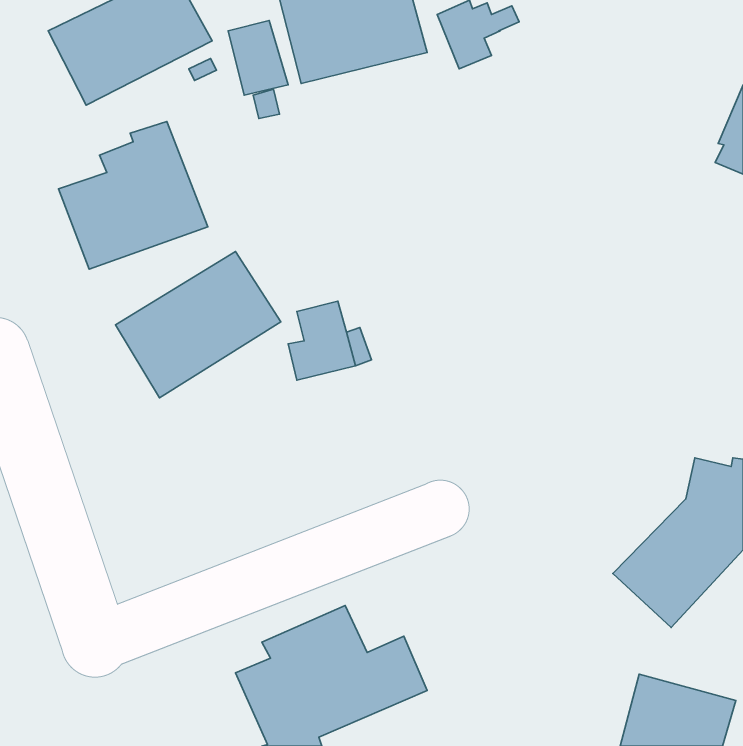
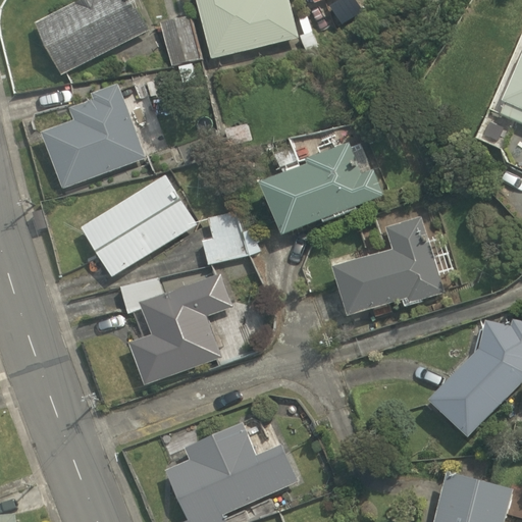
building: none -> [259,142,383,234]
building: none -> [332,216,443,316]
building: none -> [119,273,232,385]

